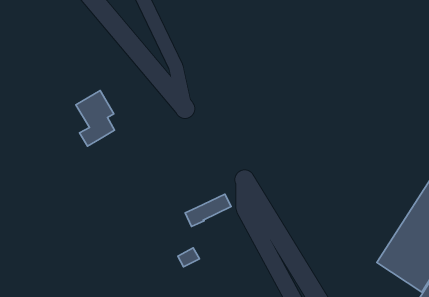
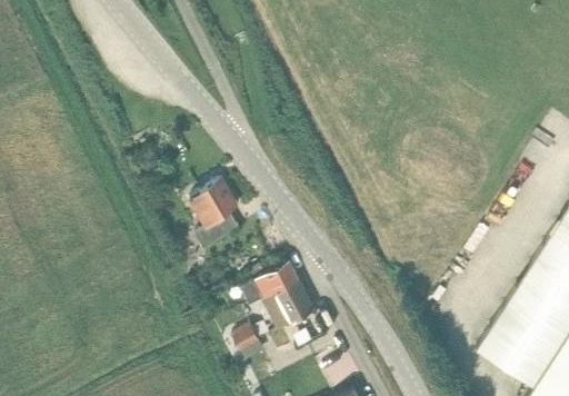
building: [76,91,115,146] -> [191,180,239,249]
building: none -> [263,279,315,330]

